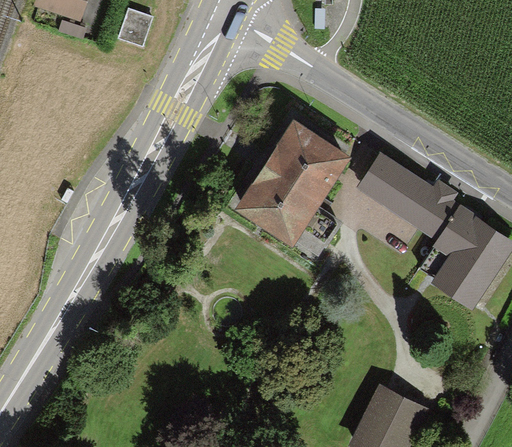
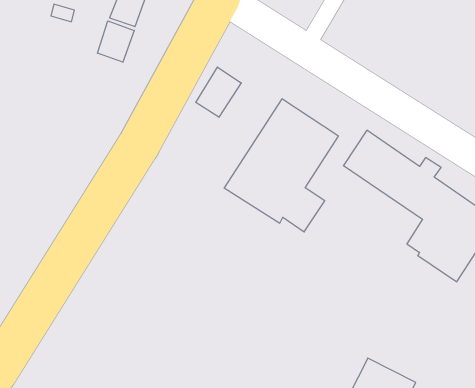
building: none -> [97,21,134,62]
building: none -> [196,67,241,117]

